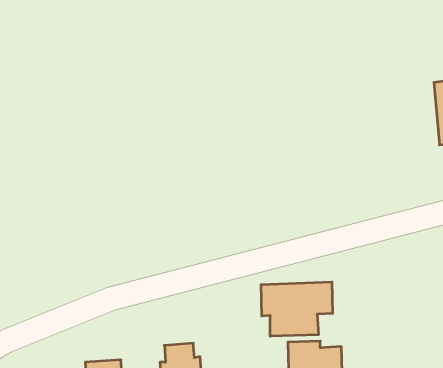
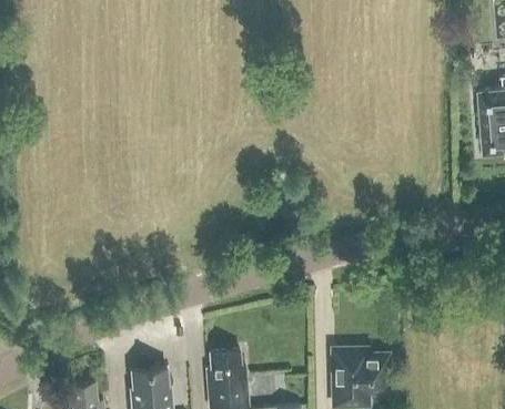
building: [261,282,333,336] -> none

